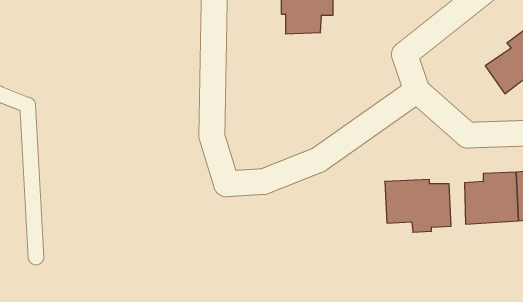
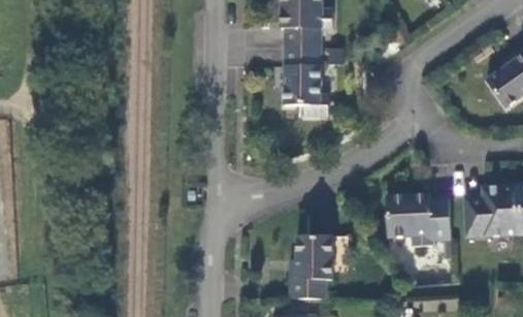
building: none -> [284,45,327,115]
building: none -> [289,234,331,297]

